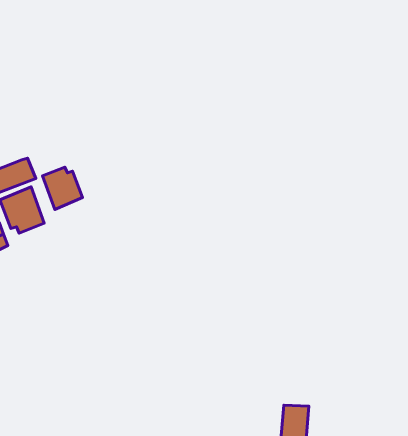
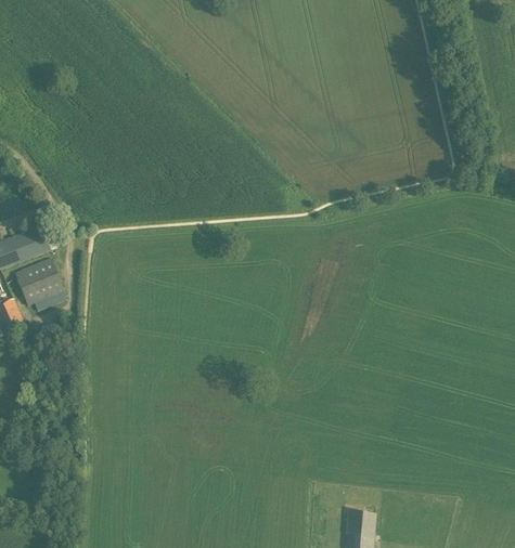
building: [43,167,82,209] -> none

